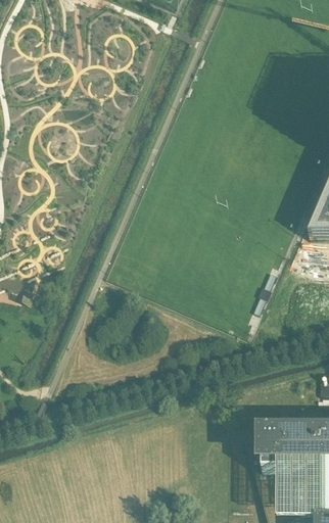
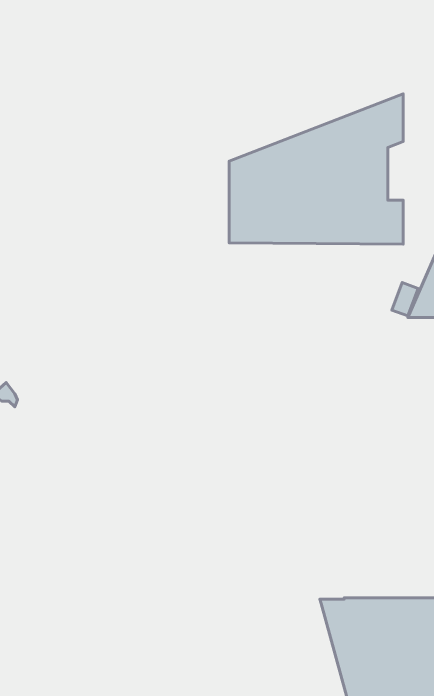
building: none -> [229,94,403,244]

